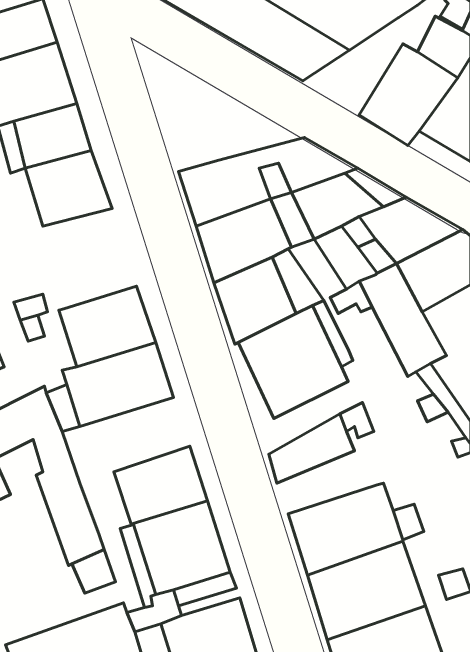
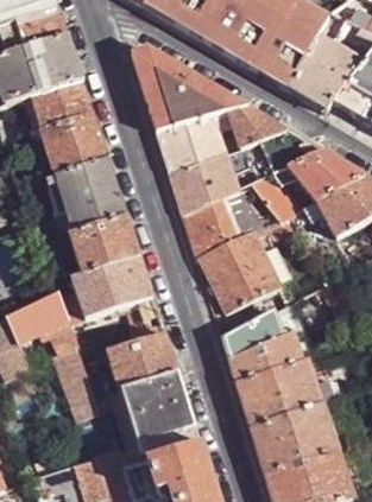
building: none -> [247,19,327,90]
building: none -> [131,45,248,132]
building: none -> [56,159,125,233]
building: none -> [228,333,302,383]

